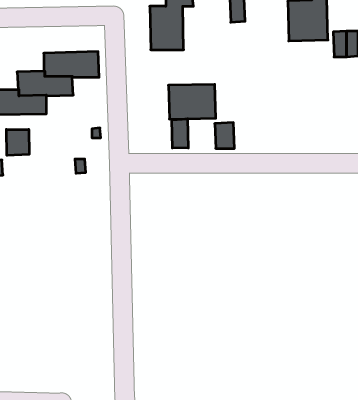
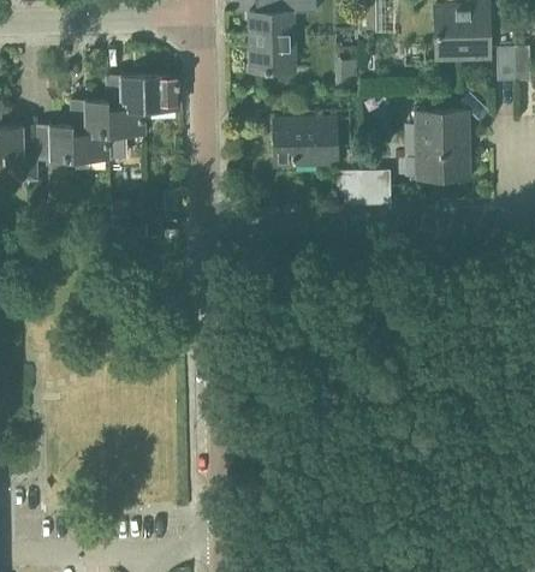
building: none -> [409,112,469,181]
building: [172,119,188,148] -> none
building: none -> [361,172,390,207]
building: [6,129,29,155] -> none

